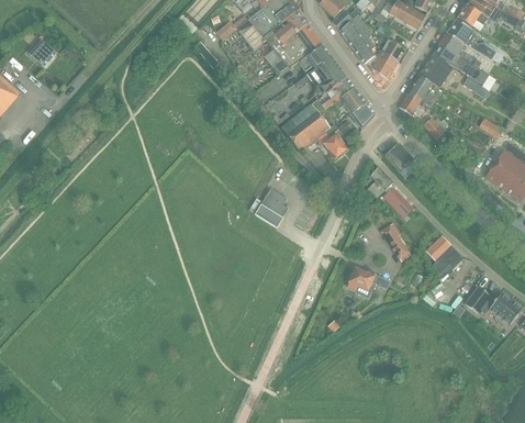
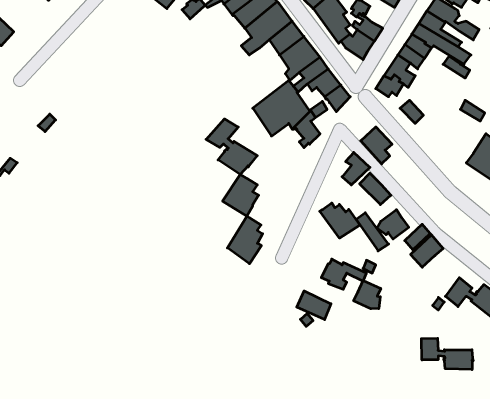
building: none -> [206,119,257,174]
building: none -> [320,203,360,238]
building: none -> [377,210,409,239]
building: none -> [227,216,263,264]
building: none -> [354,280,381,309]
building: none -> [297,291,331,320]
building: none -> [421,338,473,370]

